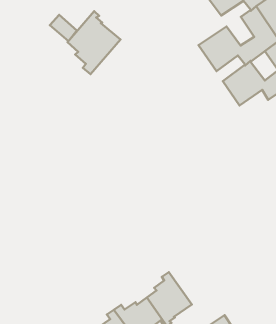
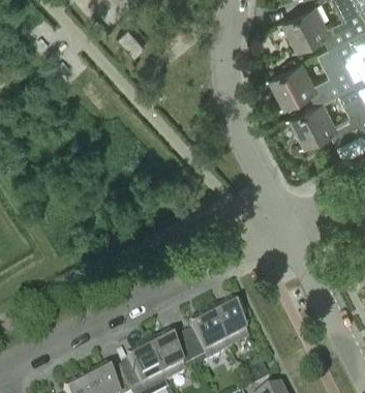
building: [68,11,120,74] -> none
building: none -> [210,303,250,346]

